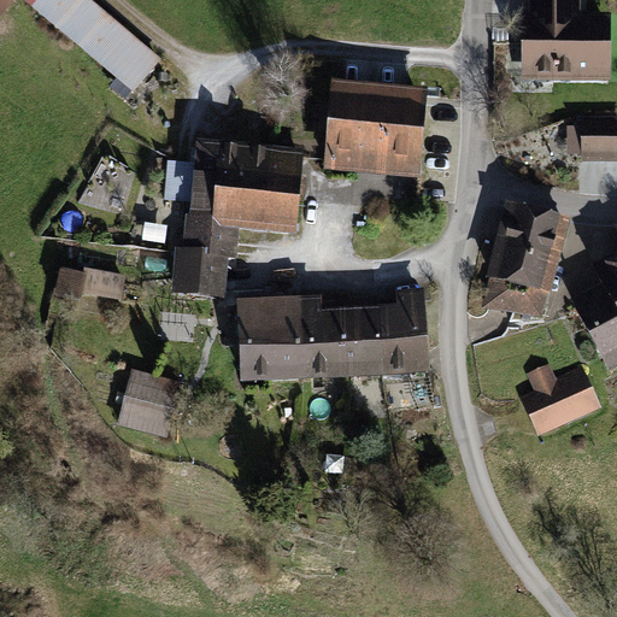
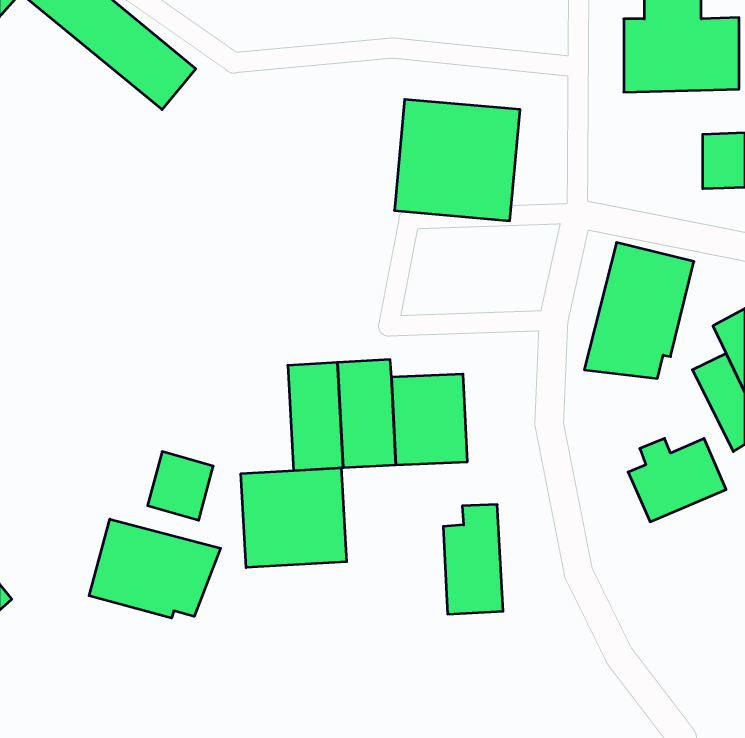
building: [164,131,294,308] -> none
building: [57,262,128,298] -> none
building: [382,290,431,381] -> [443,505,503,614]
building: none -> [241,468,347,568]
building: none -> [89,519,221,618]

